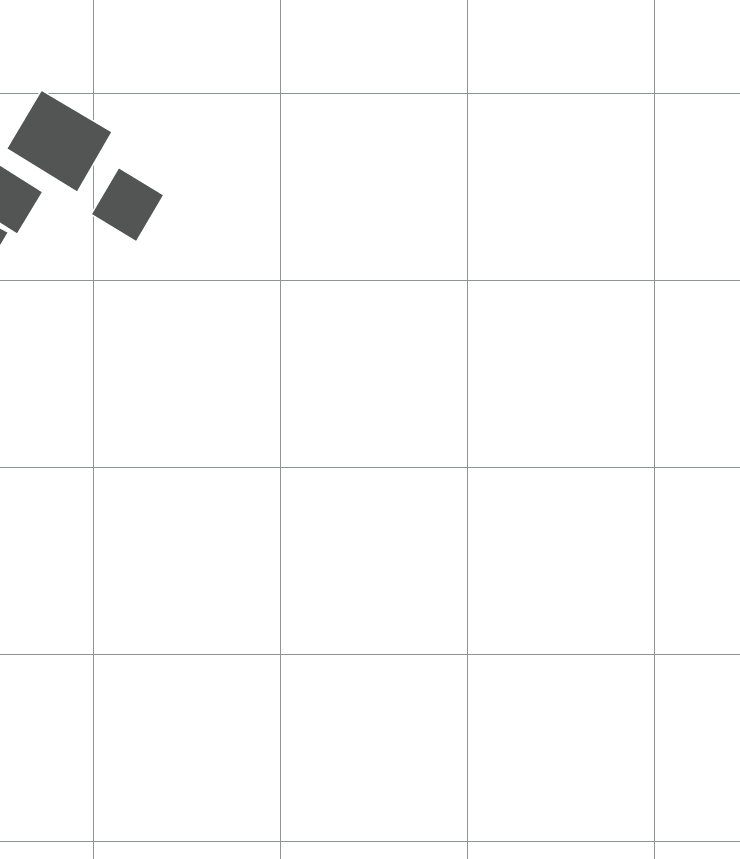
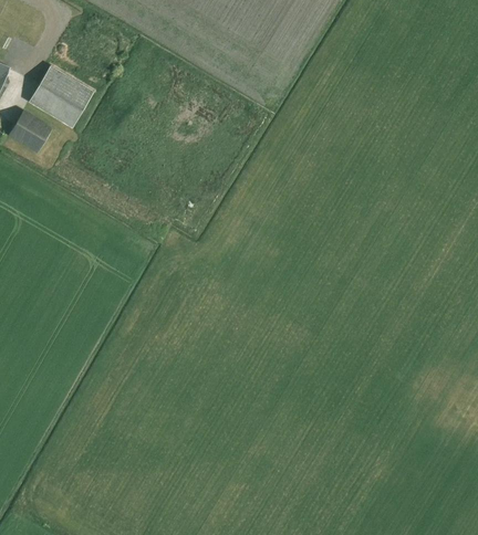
building: [91,167,164,242] -> none

